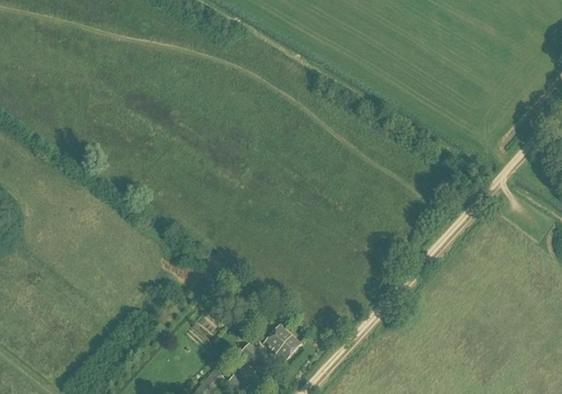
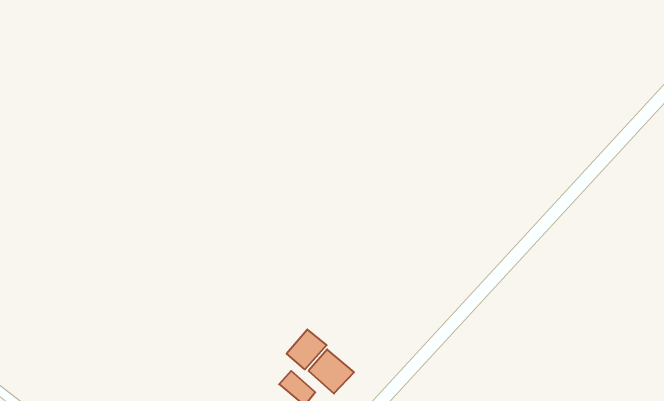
building: none -> [287,329,327,369]

